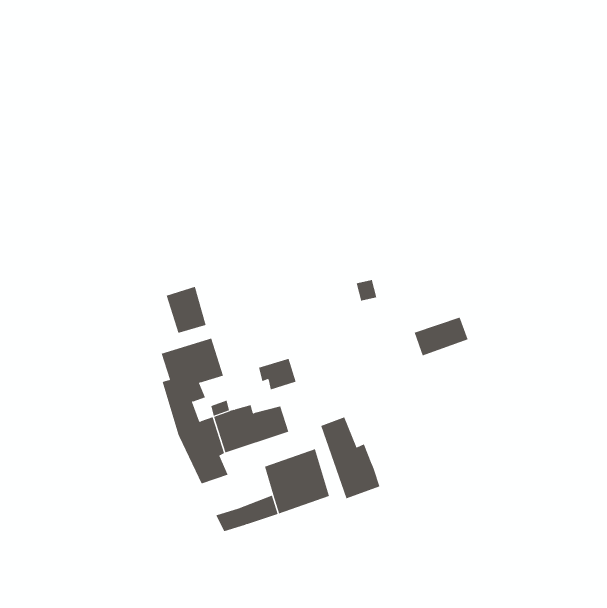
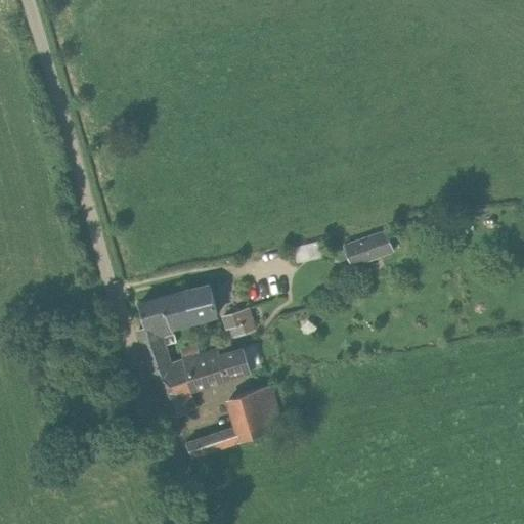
building: [166,286,206,334] -> [183,282,218,323]
building: [414,317,469,356] -> [346,231,393,265]
building: [320,417,380,499] -> none

